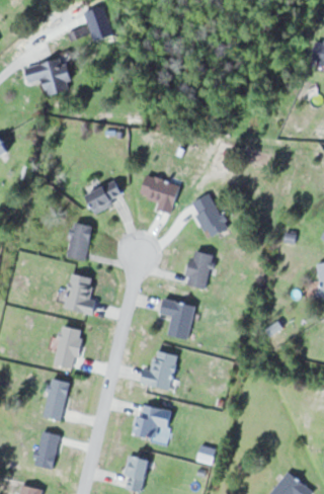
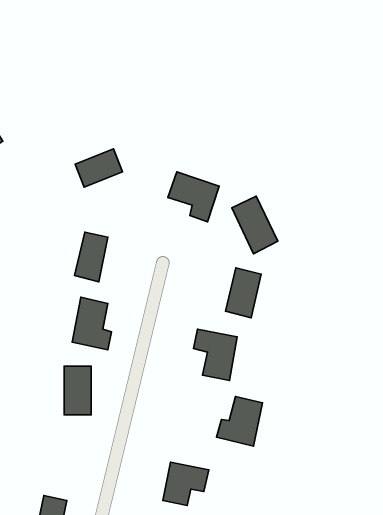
building: [24,58,71,96] -> none
building: [86,181,124,212] -> [75,149,123,187]
building: [141,350,177,390] -> [216,396,262,446]
building: [43,378,69,420] -> none

